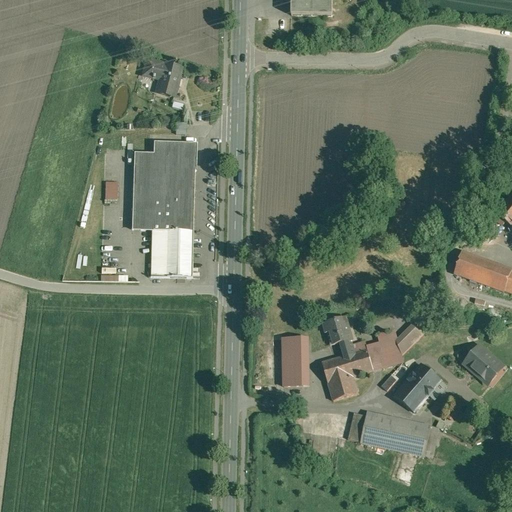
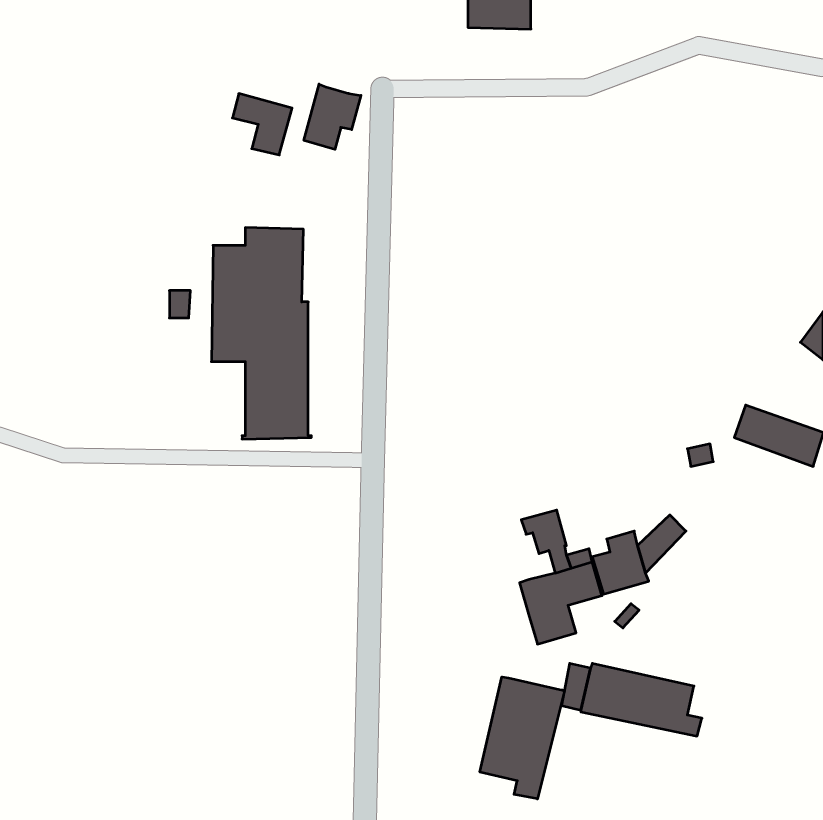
building: none -> [304,84,361,149]
building: [283,337,303,384] -> none
building: [464,345,503,382] -> none
building: [394,362,442,410] -> none
building: none -> [480,677,564,799]

